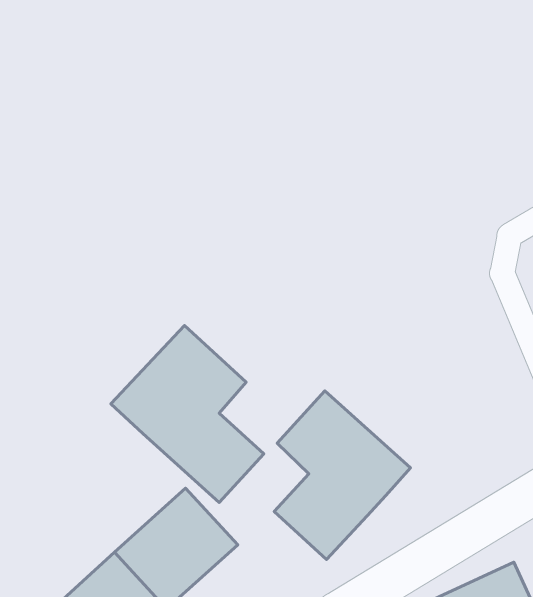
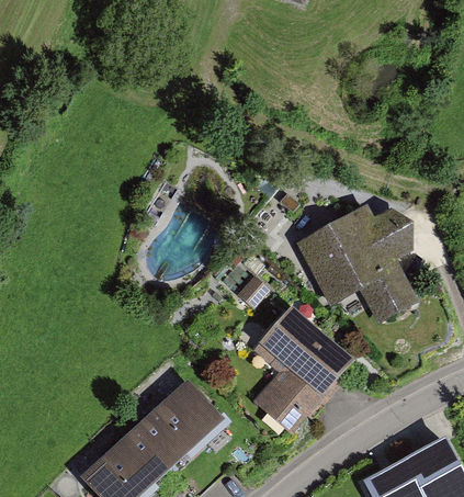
building: none -> [297,204,407,312]
building: [111,326,264,503] -> none

